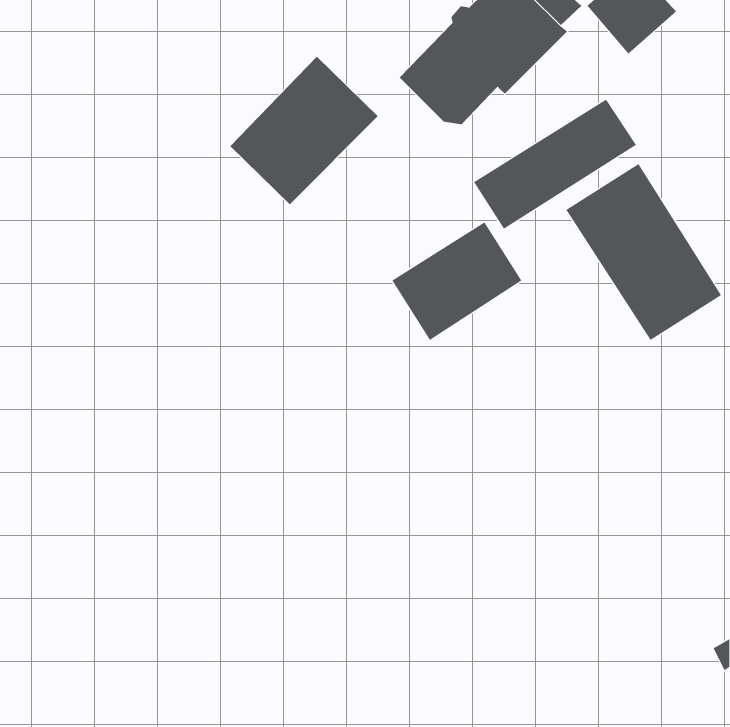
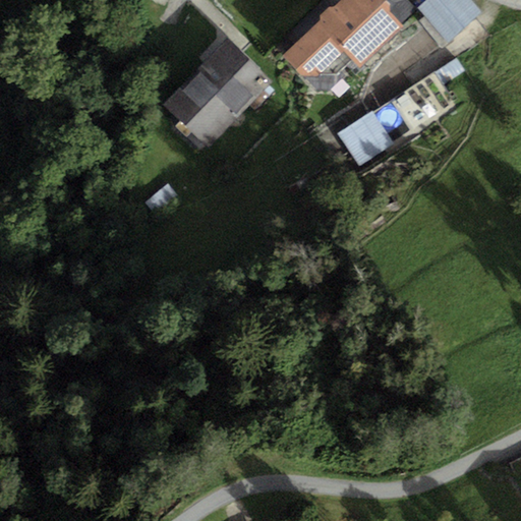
building: [565,163,722,341] -> none
building: [392,222,522,341] -> none

